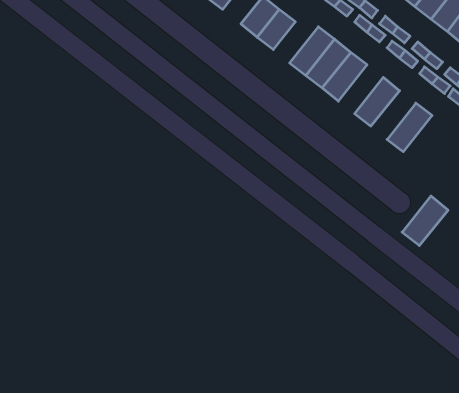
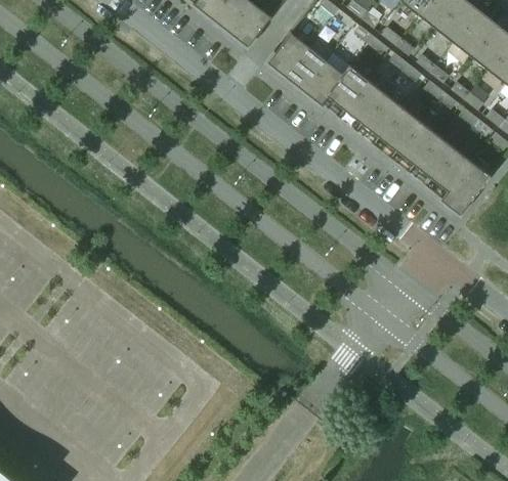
building: none -> [302,59,350,103]
building: none -> [372,105,420,158]
building: none -> [407,133,455,185]
building: [402,196,448,246] -> [441,160,491,213]

